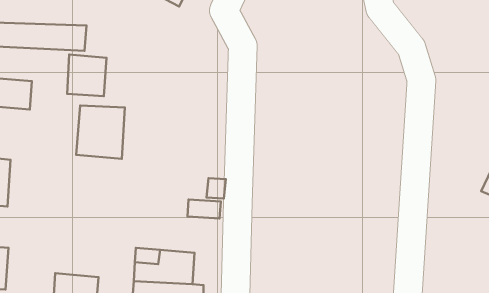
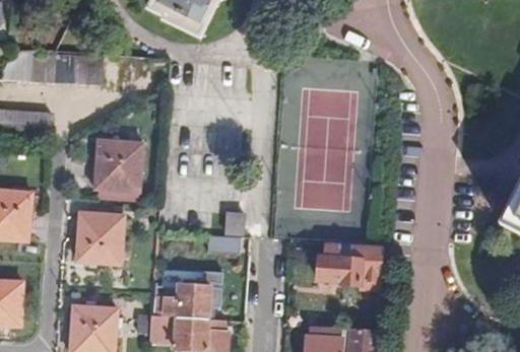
building: [67,55,106,96] -> none
building: none -> [77,211,124,266]
building: none -> [318,239,386,284]

